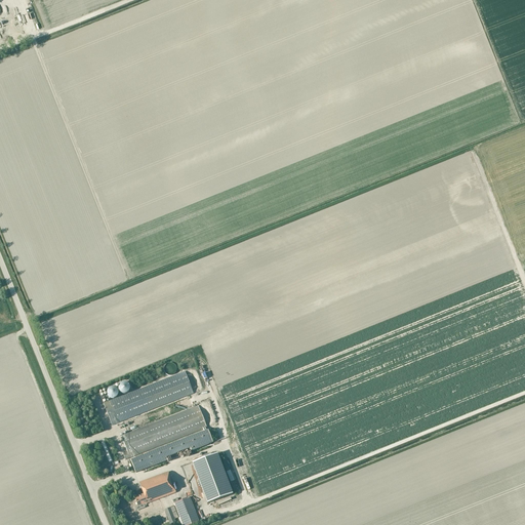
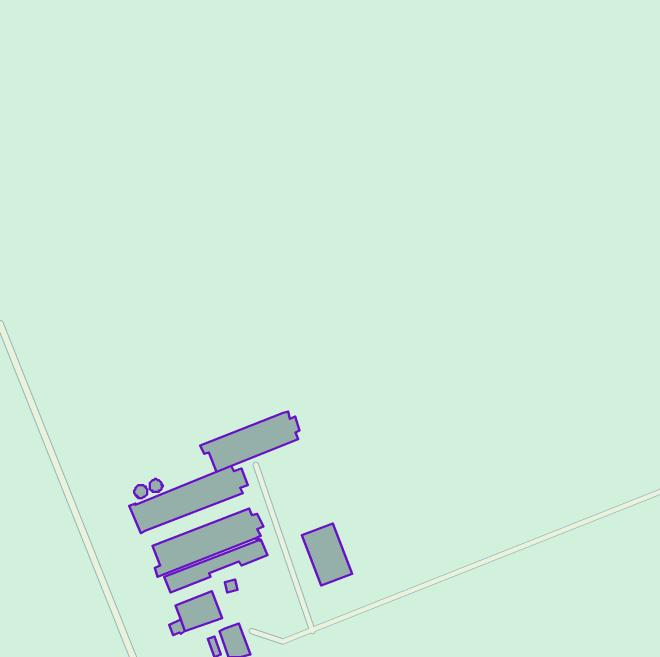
building: none -> [200,412,300,472]
building: [192,452,232,501] -> [302,524,352,586]

